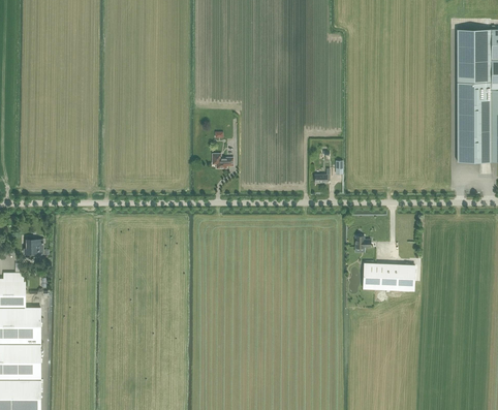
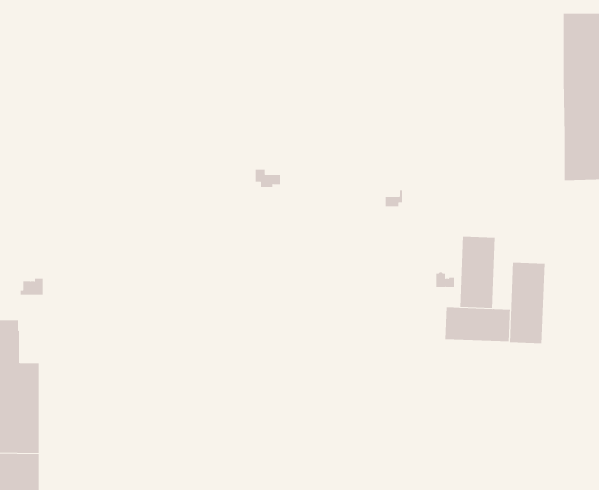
building: none -> [460,236,495,309]
building: none -> [509,262,545,344]

